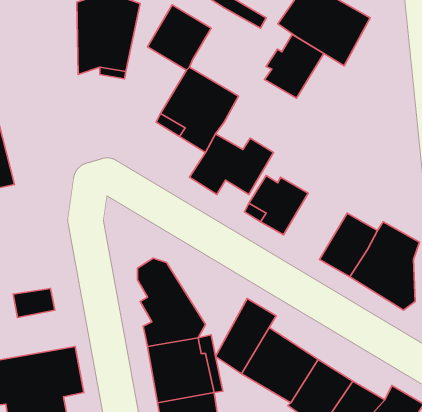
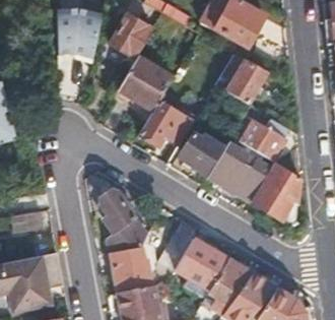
building: [265,35,324,98] -> [224,60,266,105]
building: none -> [240,113,288,161]
building: none -> [207,144,250,190]

